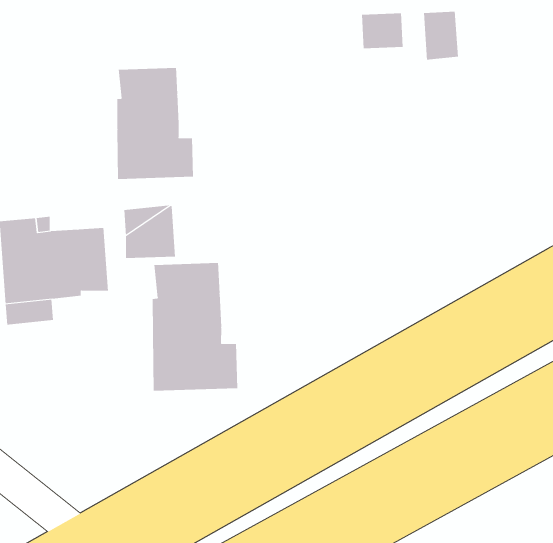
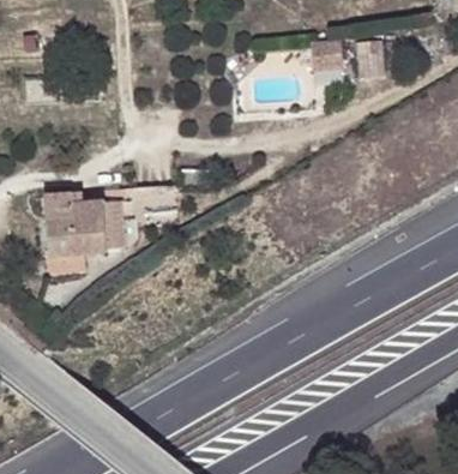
building: [117,67,194,180] -> none
building: [152,262,238,392] -> none

